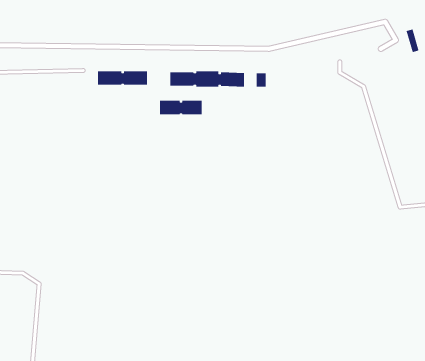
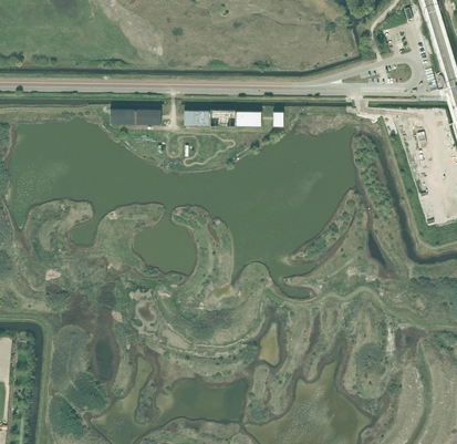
building: [159,100,203,115] -> none

